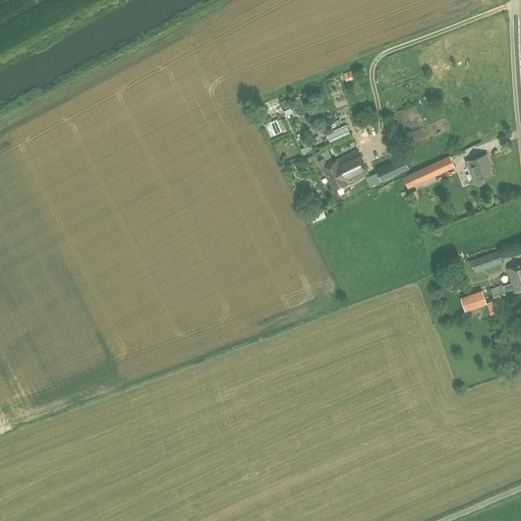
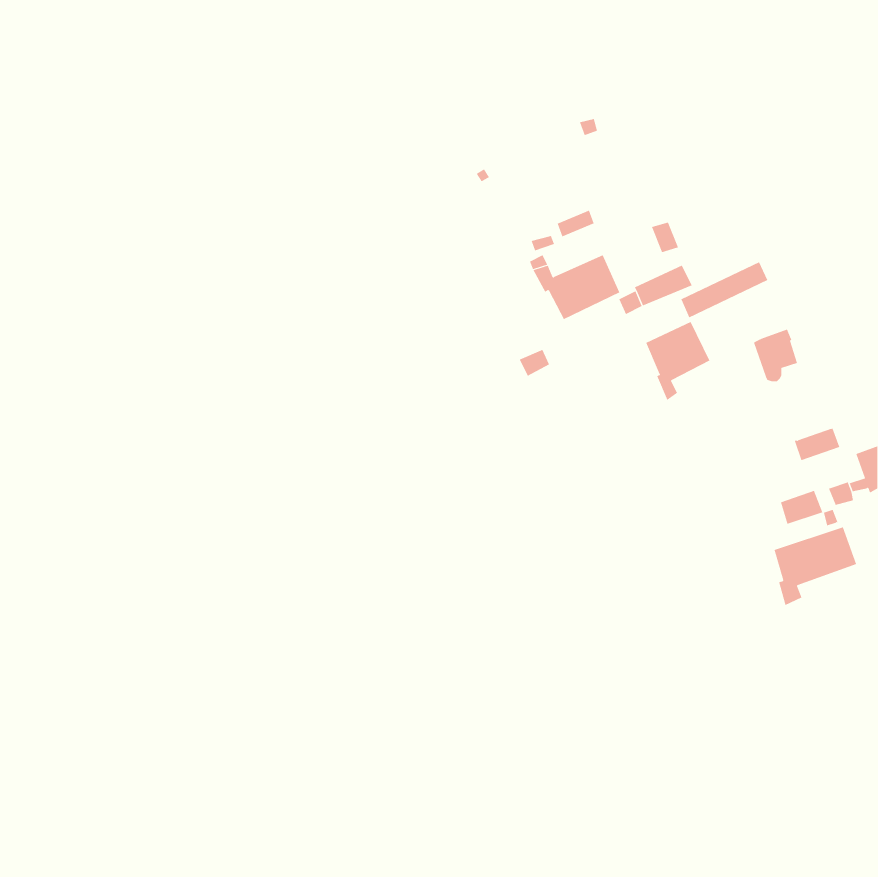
building: [466,155,493,186] -> [753,329,798,382]
building: none -> [645,321,710,401]
building: none -> [774,526,857,606]

